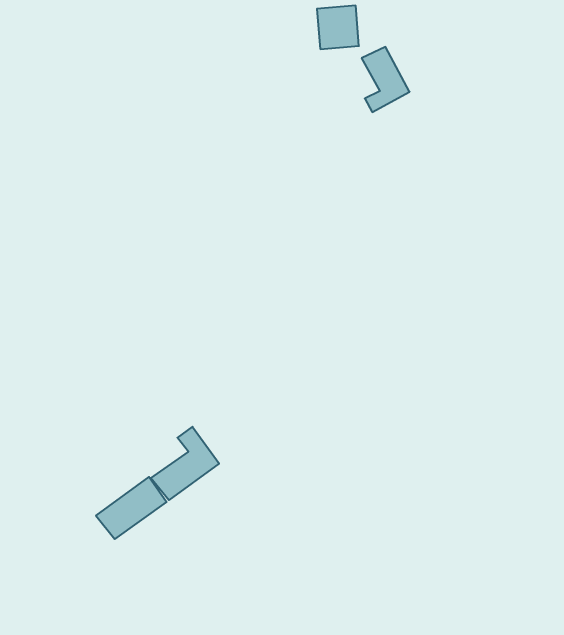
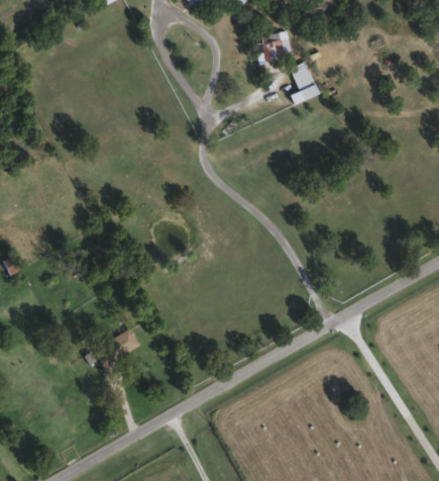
building: [151,427,219,500] -> none

